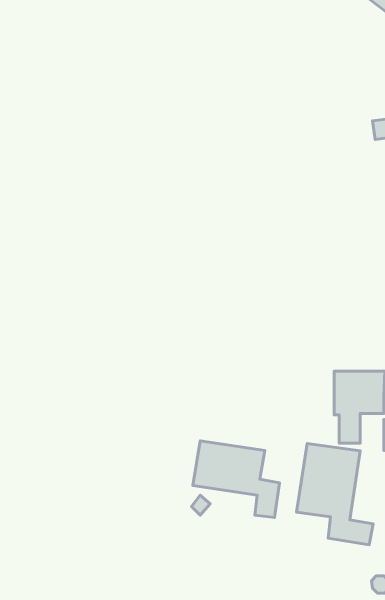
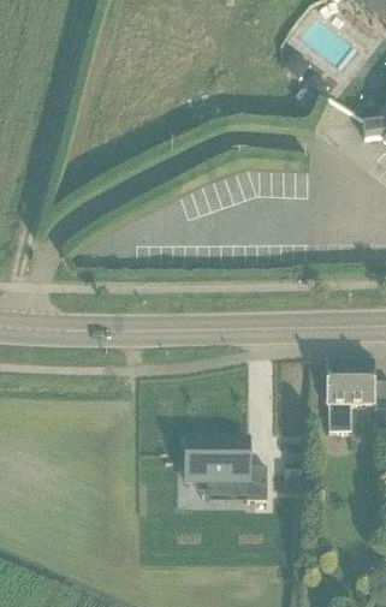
building: [297,443,373,545] -> none

